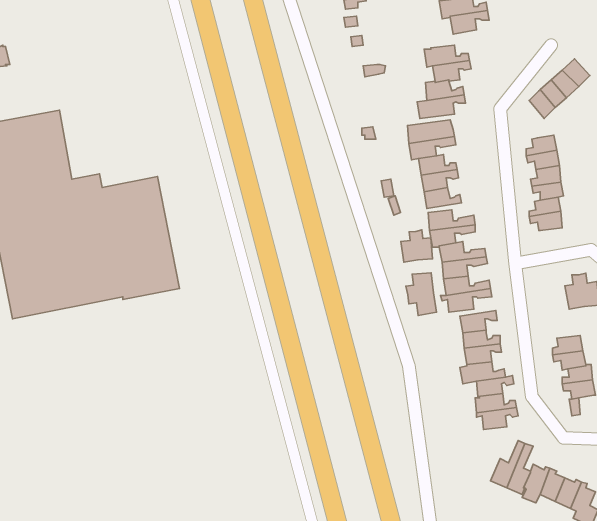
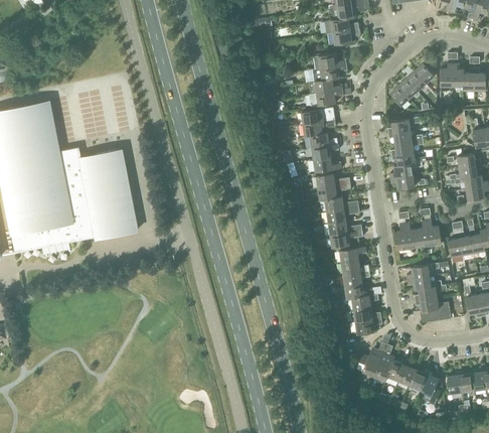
building: [401,230,432,262] -> none
building: [406,273,437,315] -> none
building: none -> [394,223,420,250]

